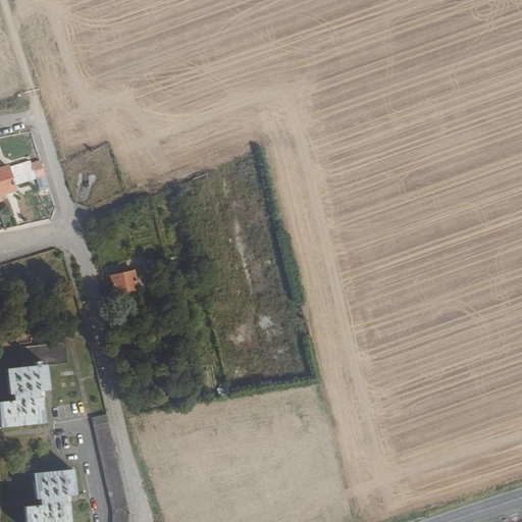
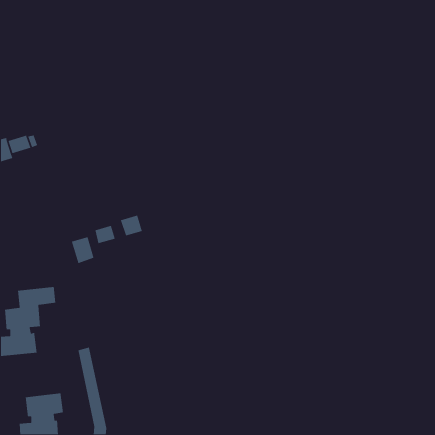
building: none -> [120,214,143,236]
building: none -> [71,236,94,264]

